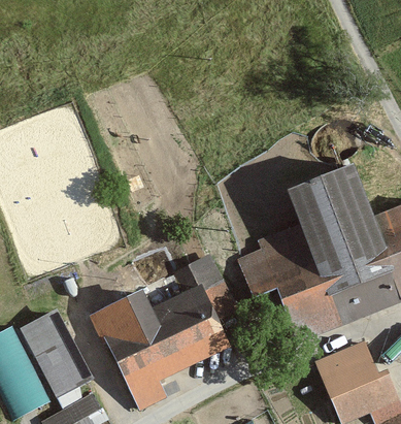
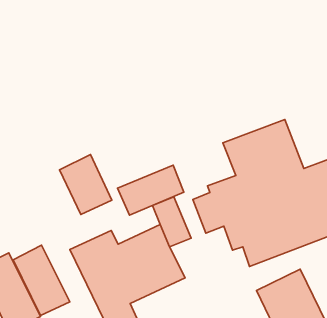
building: none -> [59,155,112,214]
building: none -> [118,165,184,215]

